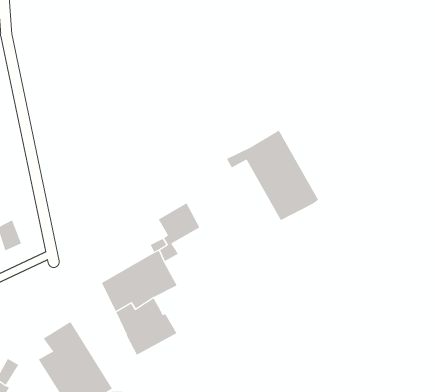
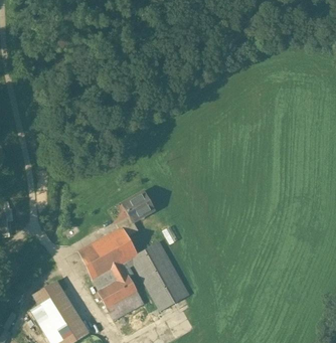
building: [226,130,319,221] -> [119,240,189,310]
building: none -> [106,290,143,319]

